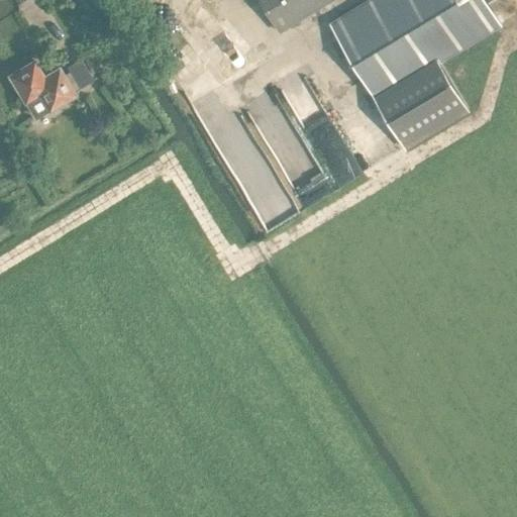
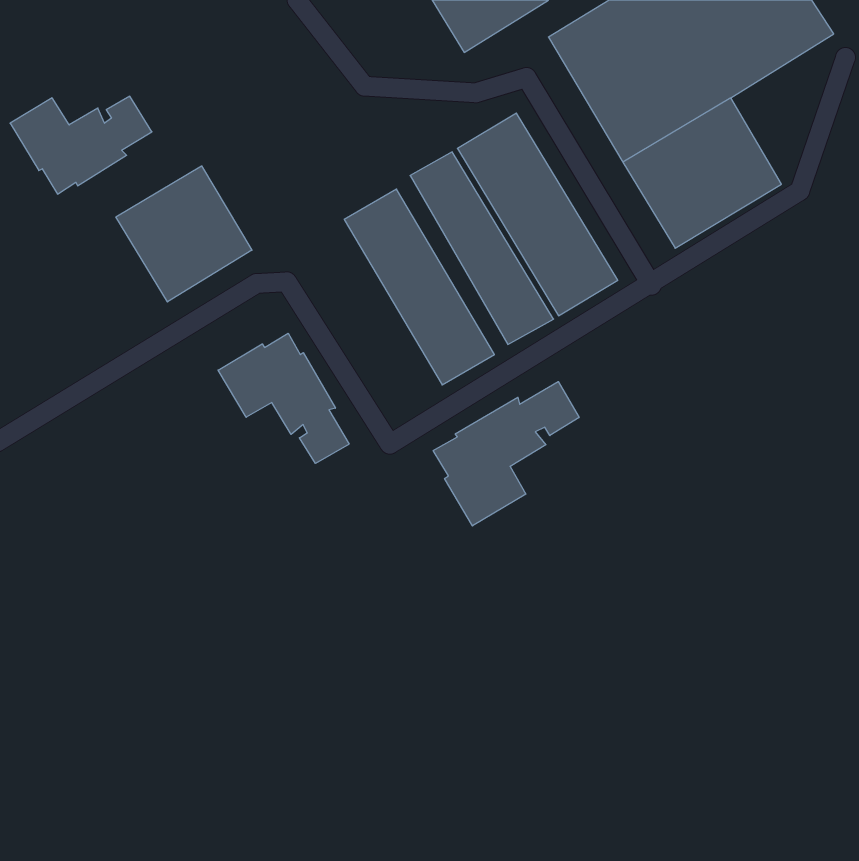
building: none -> [116,166,252,302]
building: none -> [218,333,349,463]
building: none -> [433,382,579,526]

